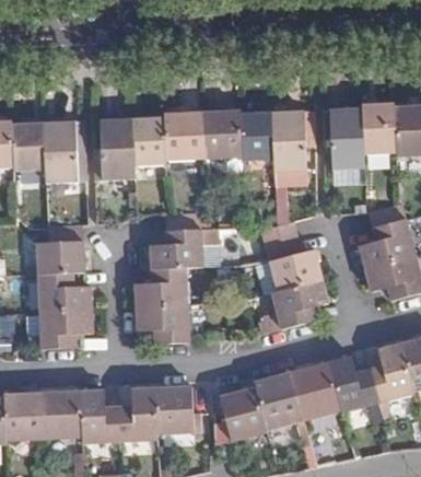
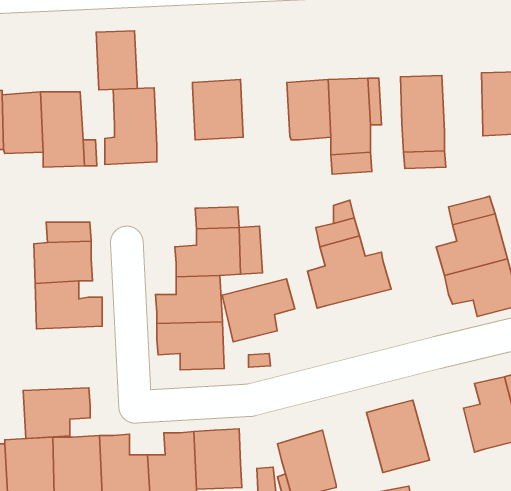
building: [360,101,394,150] -> none
building: [200,107,239,154] -> none
building: [131,114,164,161] -> [96,31,137,90]
building: [269,276,327,326] -> [222,279,295,342]
building: [37,305,91,346] -> [23,388,90,438]
building: [338,359,387,415] -> none
building: [264,374,314,432] -> none

